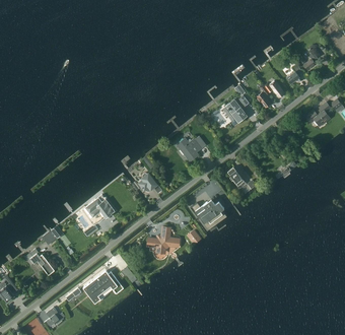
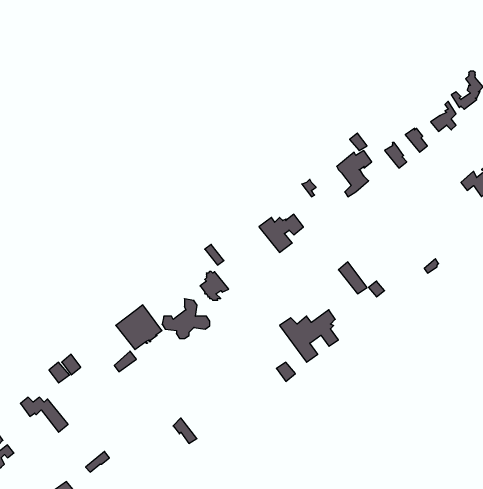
building: [148,227,179,253] -> [162,299,210,339]
building: [83,271,123,302] -> none

